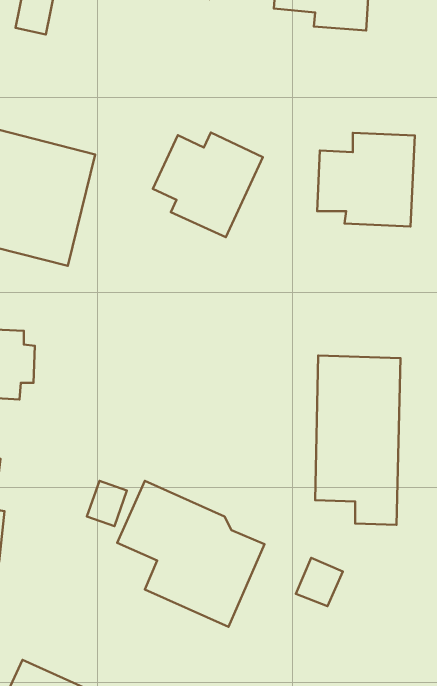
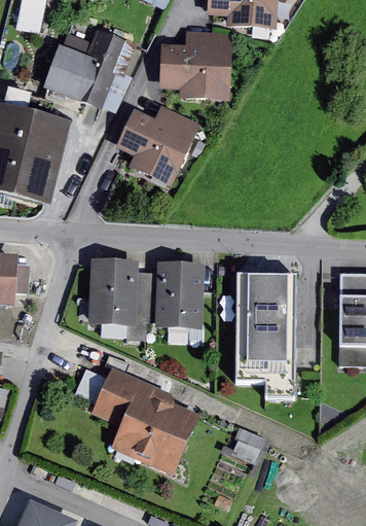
building: none -> [42,28,127,110]
building: [317,133,415,226] -> [158,30,231,100]
building: none -> [86,258,205,340]

